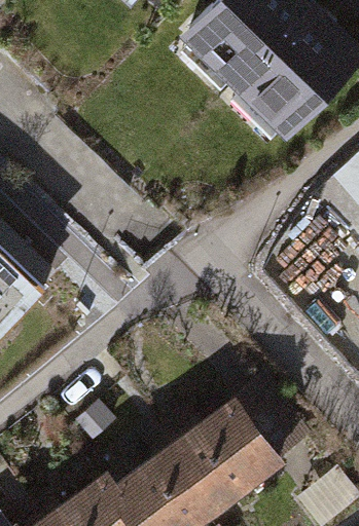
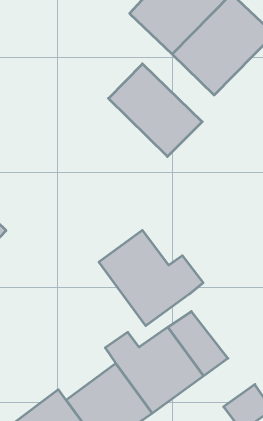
building: none -> [108,64,202,157]
building: none -> [99,230,203,326]

